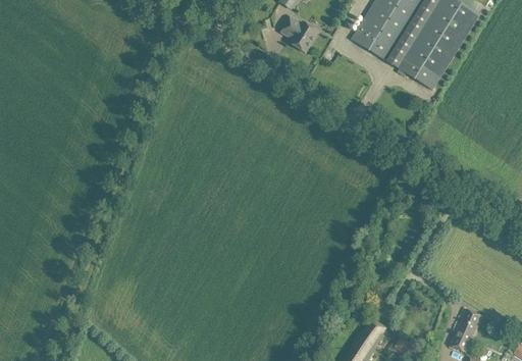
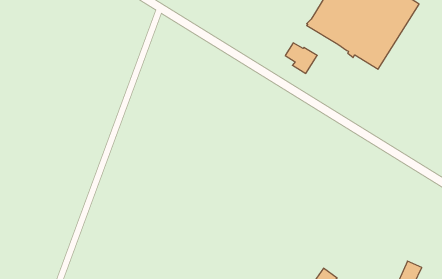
building: [281,16,318,51] -> [285,43,317,73]

